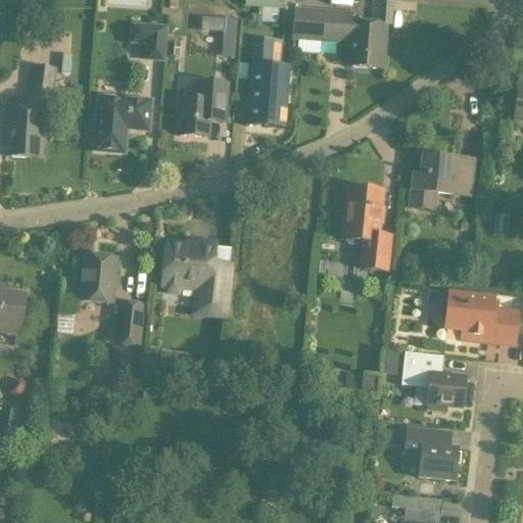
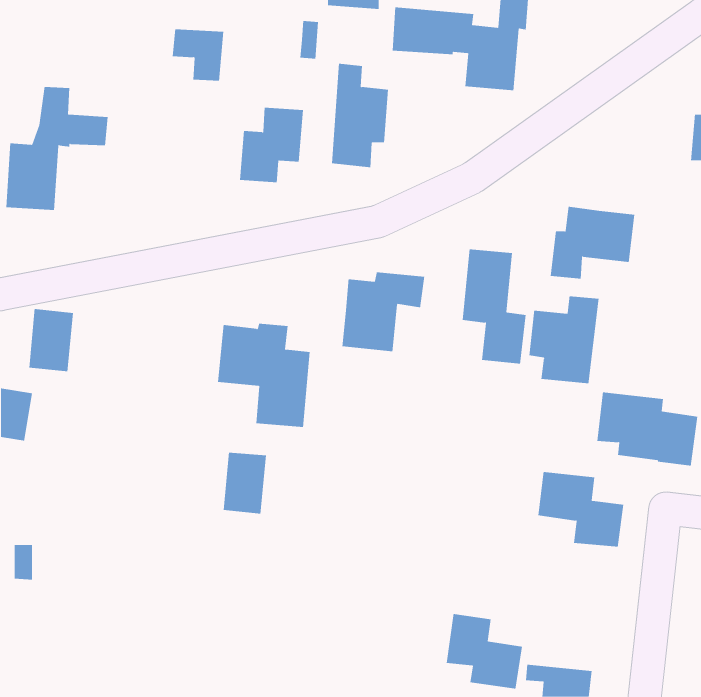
building: [96,97,149,150] -> none
building: none -> [342,272,425,352]
building: none -> [529,295,599,384]
building: [82,254,115,301] -> [28,309,74,372]
building: [113,299,146,345] -> [223,452,267,514]
building: [401,424,459,480] -> [446,614,523,689]

